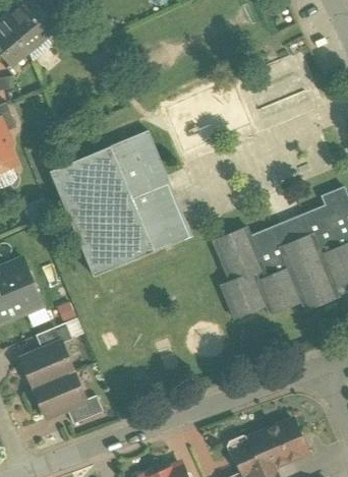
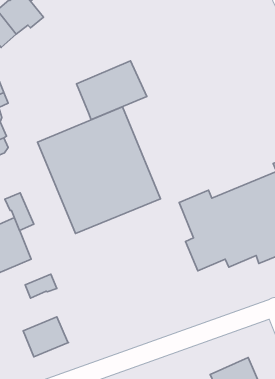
building: none -> [76,61,147,120]
building: none -> [5,193,34,230]
building: [21,342,72,387] -> none
building: [66,395,103,423] -> none

